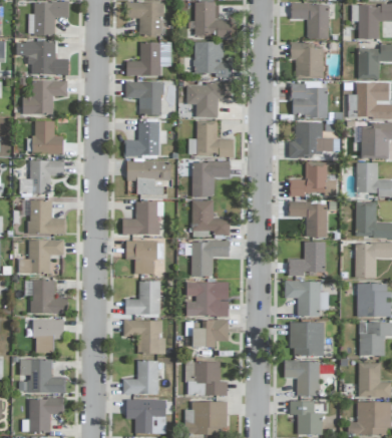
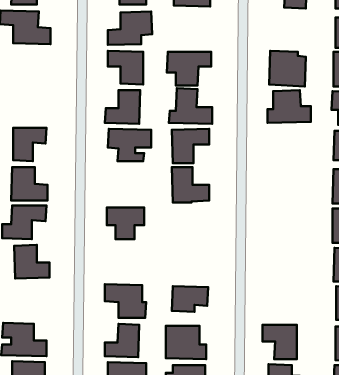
building: [193,42,231,78] -> none
building: [289,43,323,77] -> none
building: [22,81,67,115] -> none
building: [33,121,63,154] -> none
building: [289,161,336,196] -> none
building: [121,201,163,235] -> none
building: [288,201,327,238] -> none
building: [190,241,229,276] -> none
building: [287,242,325,276] -> none
building: [124,281,159,315] -> none
building: [284,281,328,317] -> none
building: [184,282,229,317] -> none
building: [34,319,64,353] -> none
building: [288,322,324,356] -> none

